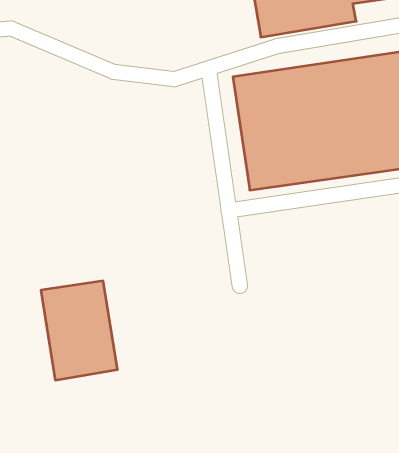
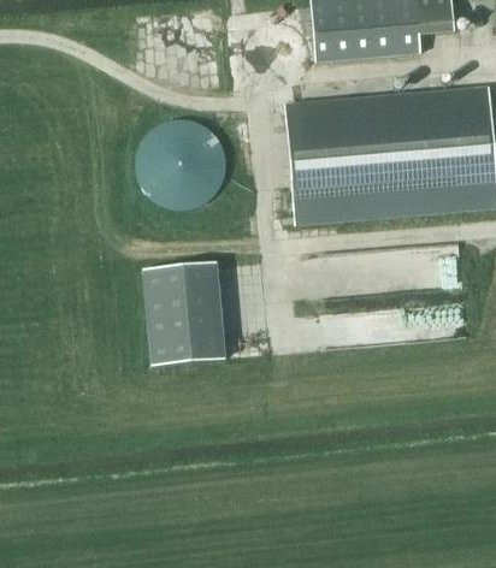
building: none -> [137,119,228,209]
building: [41,281,117,380] -> [143,264,220,367]

